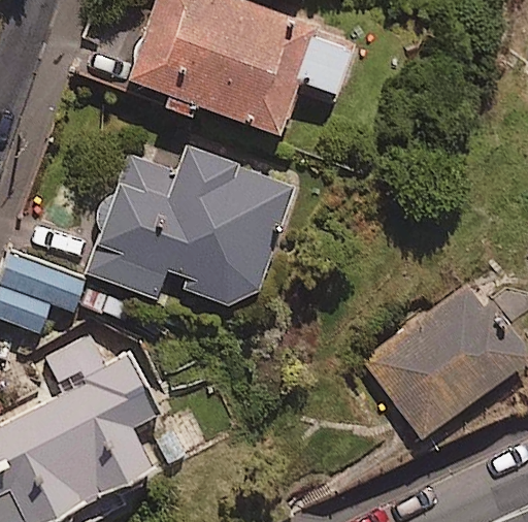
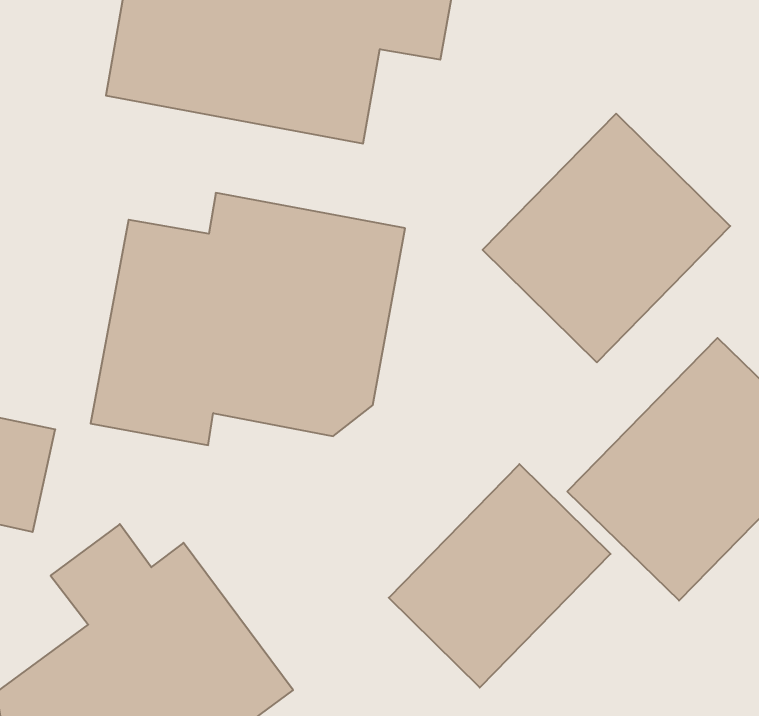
building: none -> [483,114,730,362]
building: none -> [389,464,611,688]

